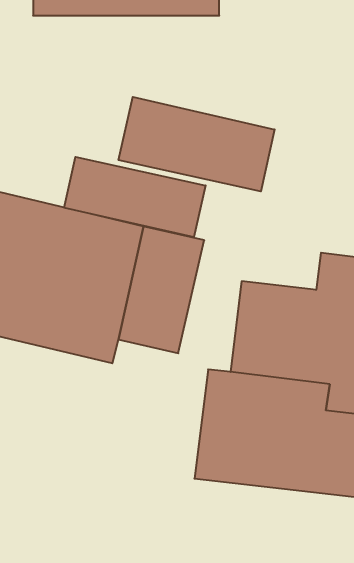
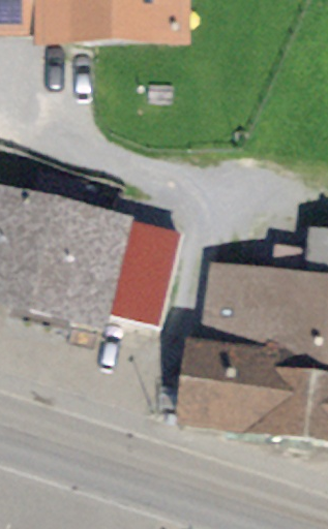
building: [119,97,275,191] -> none
building: [64,157,206,237] -> none

